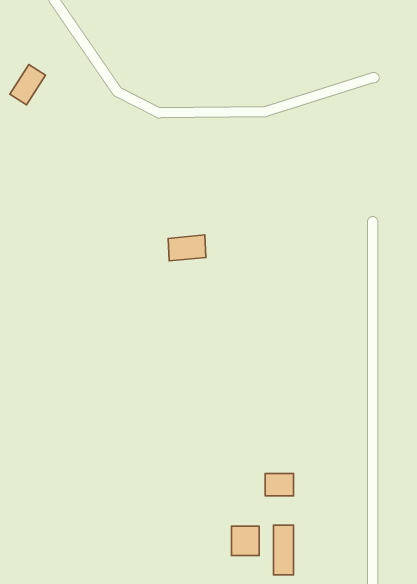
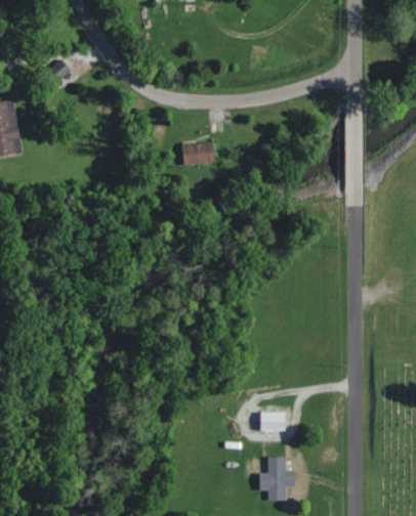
building: [168,235,206,261] -> [181,142,214,165]
building: [232,526,259,556] -> none

